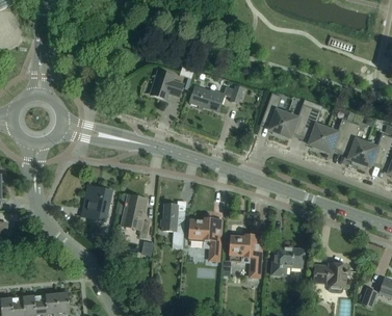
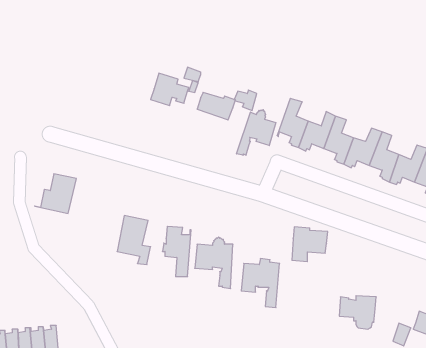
building: none -> [237,110,276,155]
building: [76,186,112,220] -> [35,174,76,213]
building: [271,245,303,275] -> [292,227,328,262]

